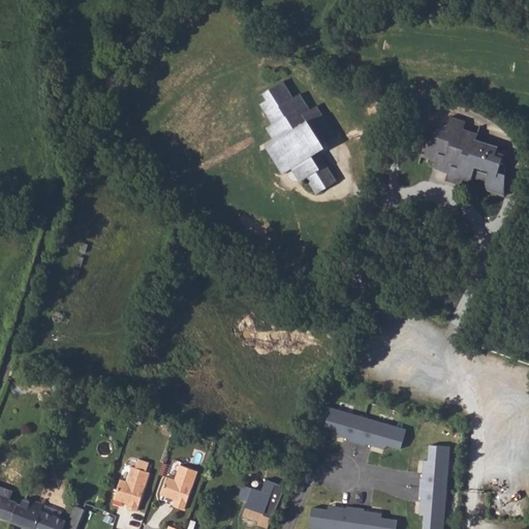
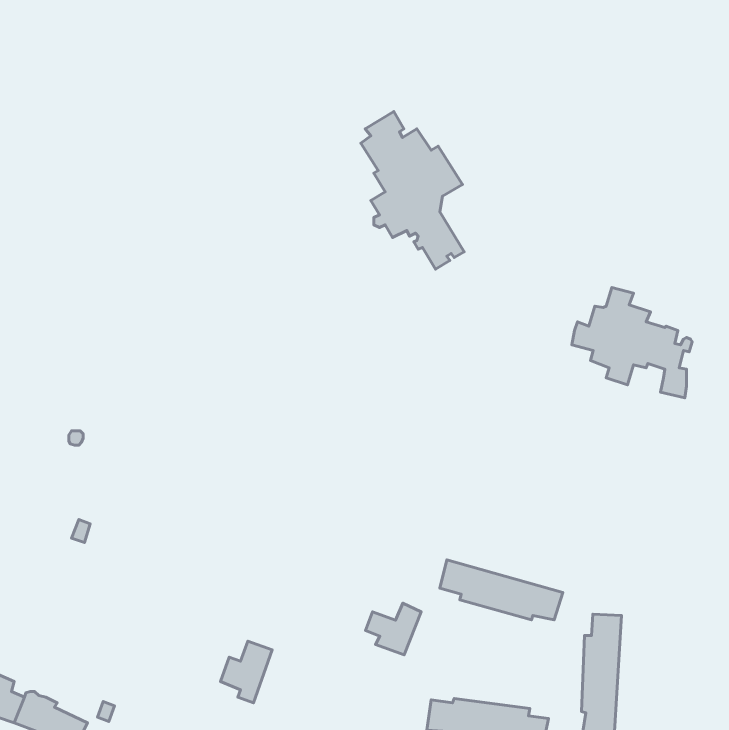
building: [419,115,506,194] -> [572,288,692,398]
building: [114,459,150,504] -> none
building: [240,479,280,517] -> [365,603,421,655]

